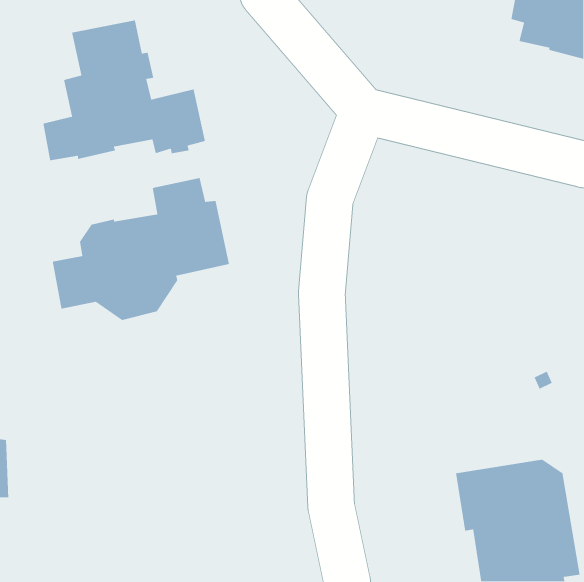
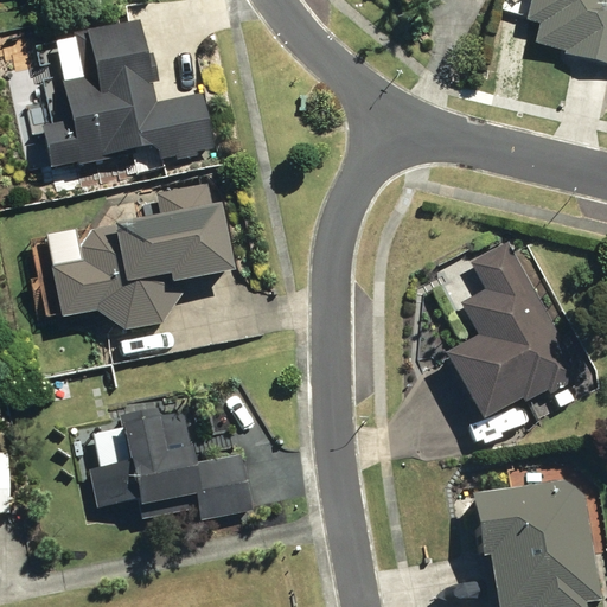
building: none -> [443,237,577,413]
building: none -> [90,408,253,520]

